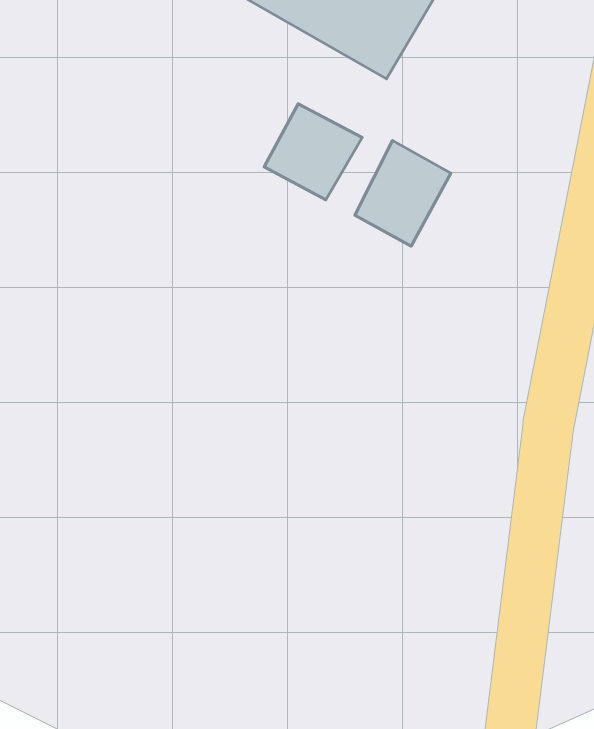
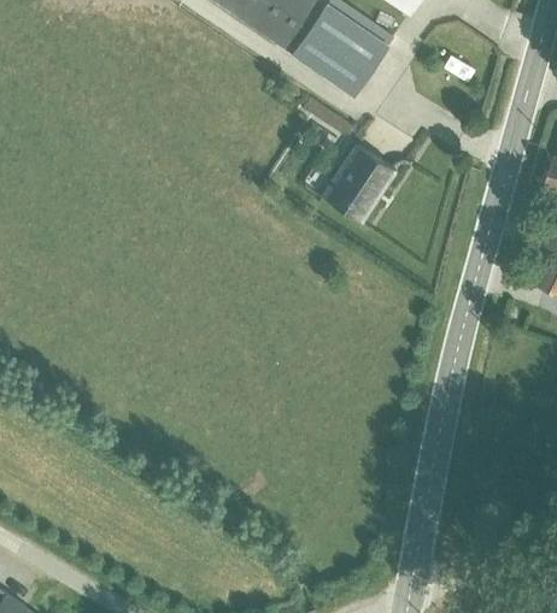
building: [264,104,362,200] -> none

